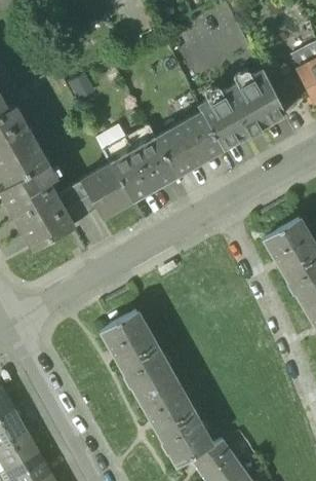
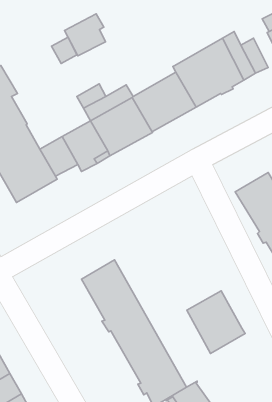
building: none -> [64,14,106,56]
building: none -> [187,291,245,353]

